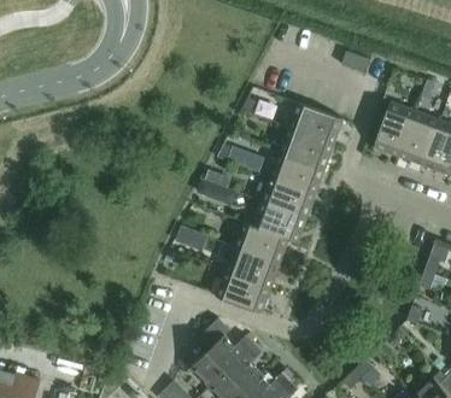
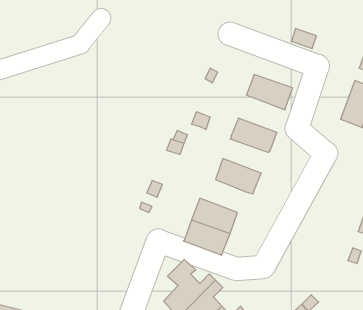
building: [373,103,416,156] -> none
building: [281,128,335,171] -> none
building: [263,178,316,218] -> none
building: [236,223,289,264] -> none

